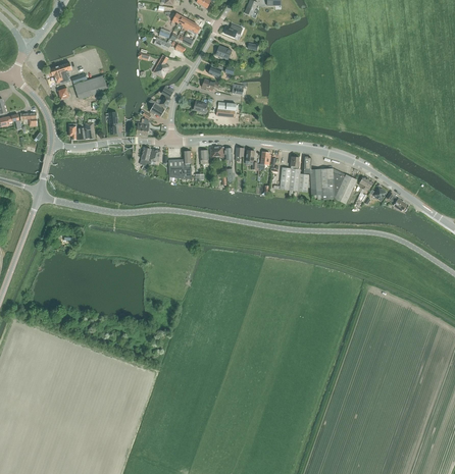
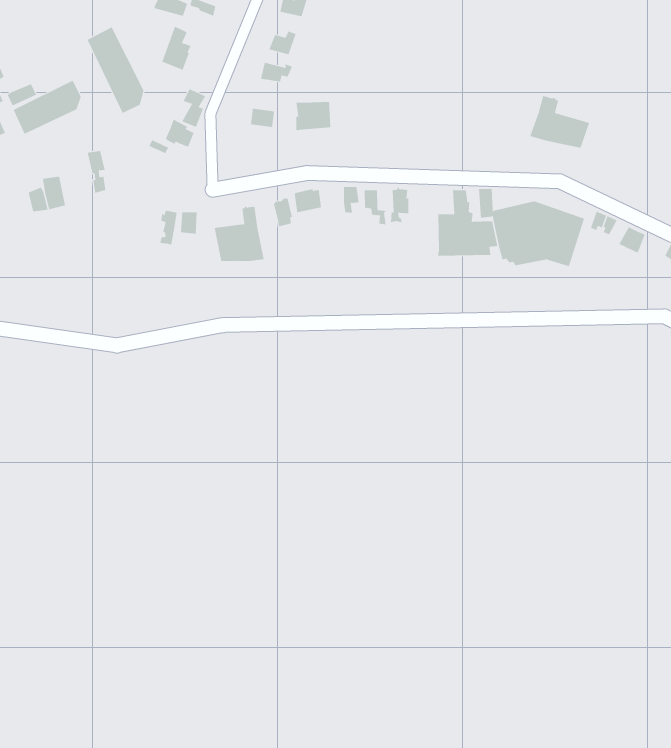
building: none -> [87,26,144,114]
building: none -> [529,95,590,148]

